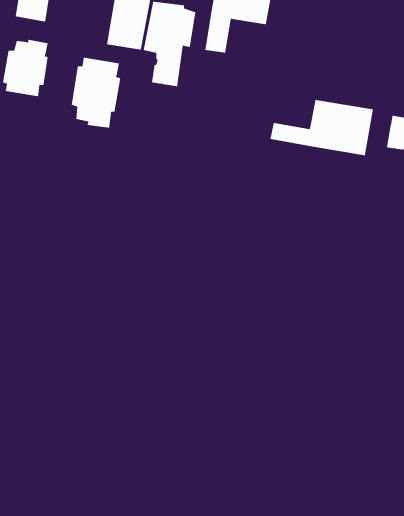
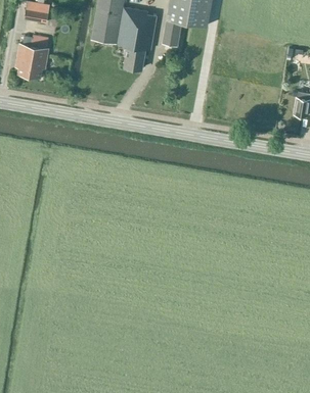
building: [71,57,121,128] -> none
building: [270,99,373,156] -> none

